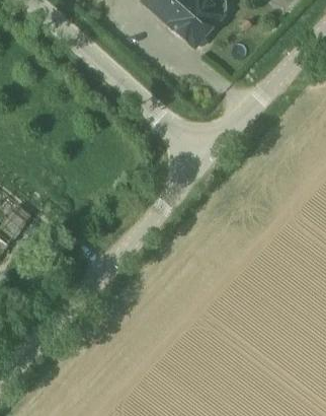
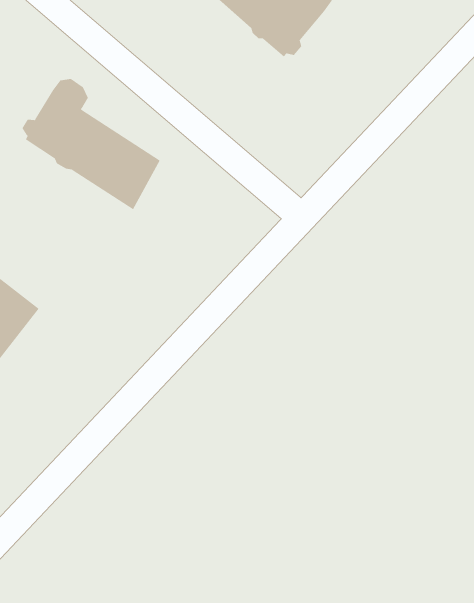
building: none -> [22,78,161,210]

